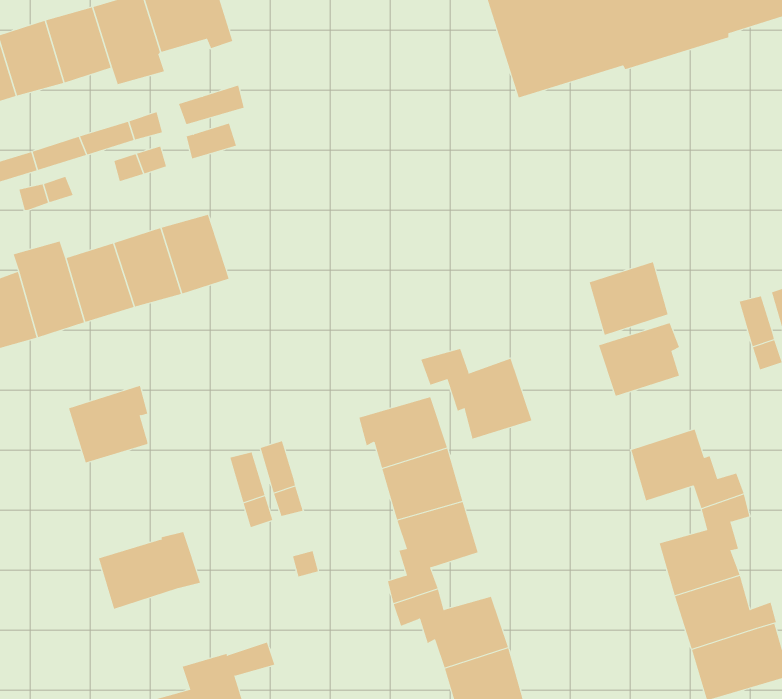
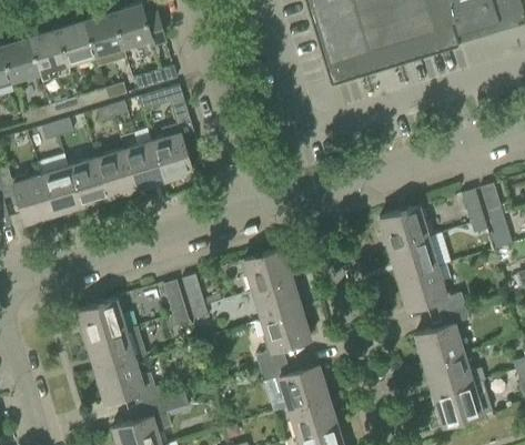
building: none -> [152,103,194,180]
building: [589,261,669,336] -> [390,236,436,280]
building: [421,348,532,440] -> none
building: [68,385,148,463] -> [78,297,124,343]
building: none -> [97,361,163,406]

